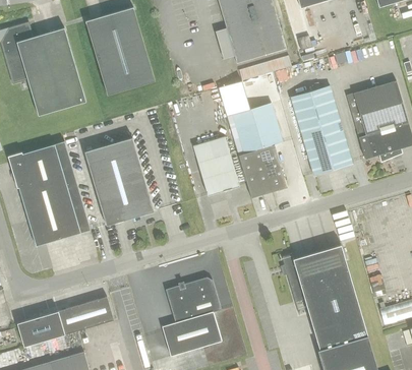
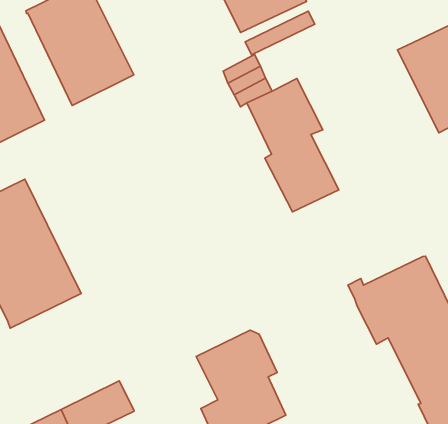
building: [290,85,353,175] -> none
building: [192,136,239,195] -> none
building: [84,137,154,226] -> none

